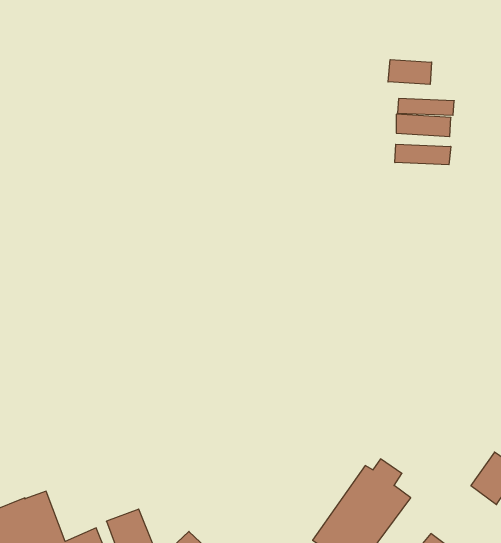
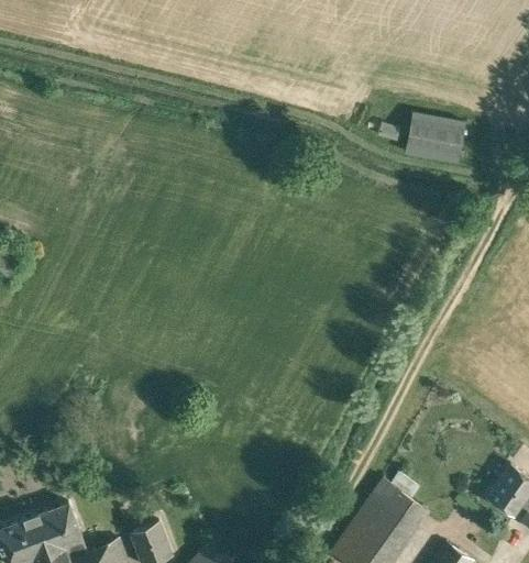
building: [388,60,432,84] -> none
building: [395,144,451,165] -> none

